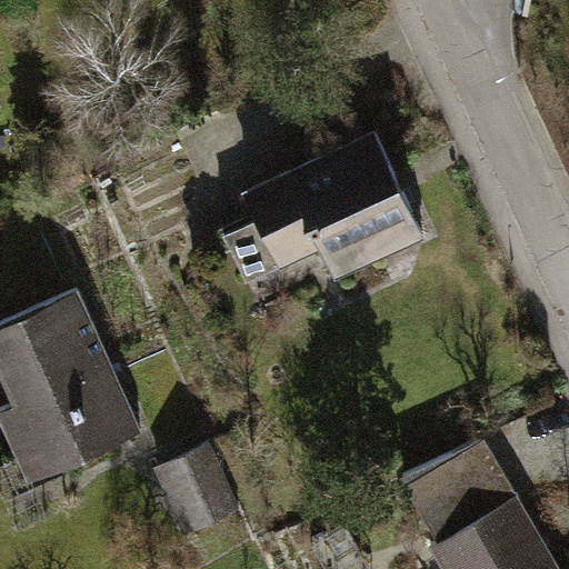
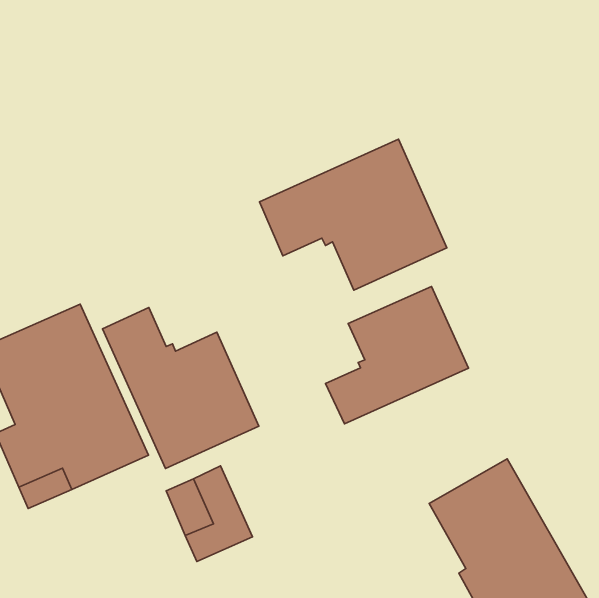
building: none -> [326,286,468,424]
building: none -> [103,307,259,468]

